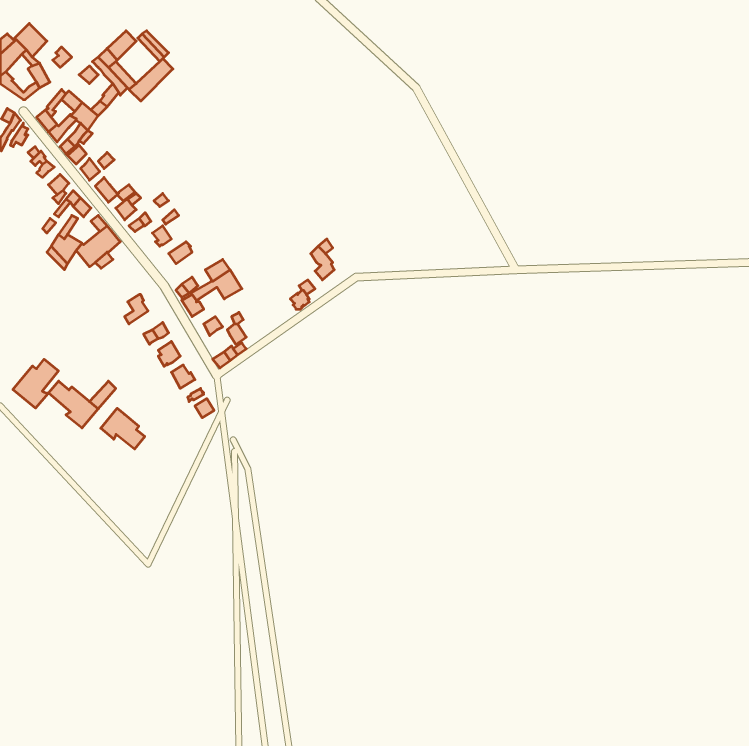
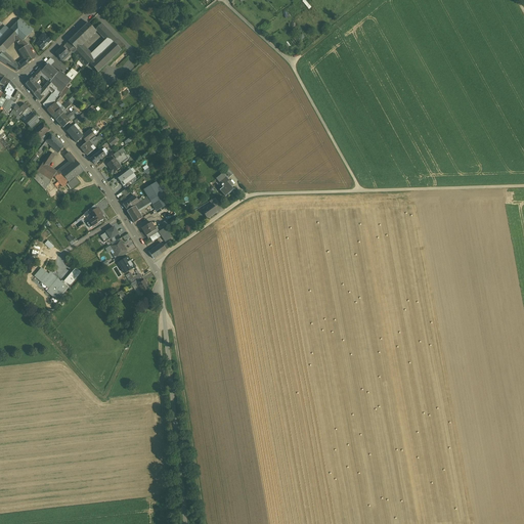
building: [13,359,58,408] -> none
building: [101,408,145,449] -> none

